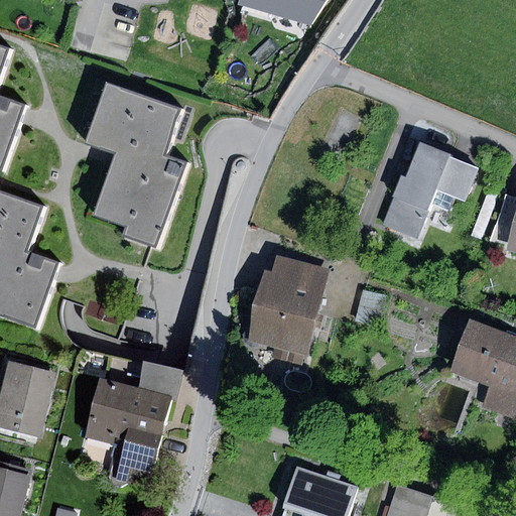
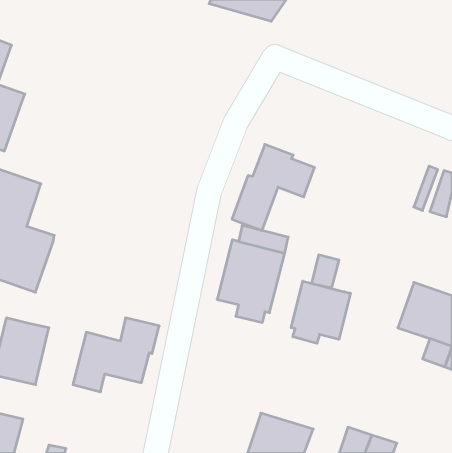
building: [93,85,187,247] -> none
building: [381,141,475,239] -> [232,144,315,231]
building: none -> [291,281,350,343]
building: [106,424,160,484] -> none

